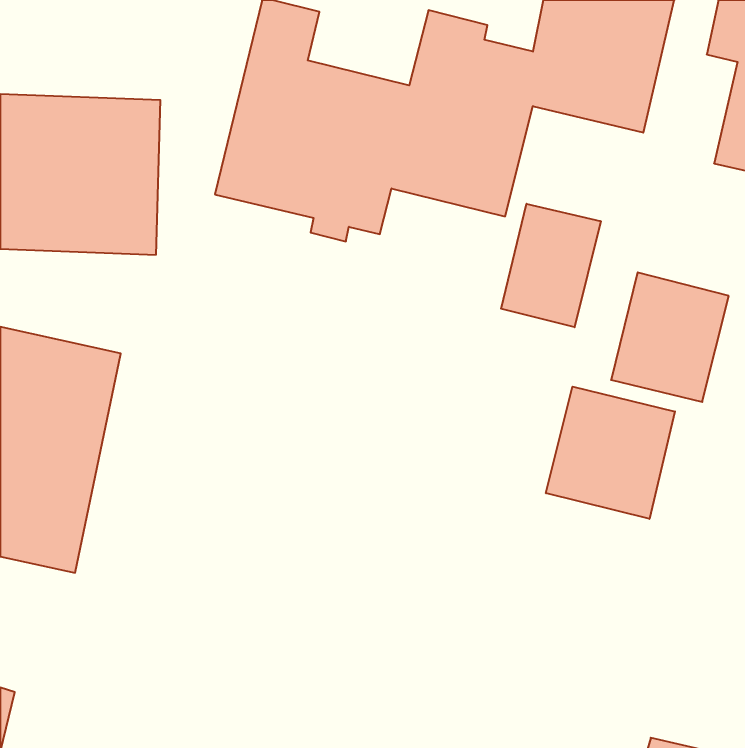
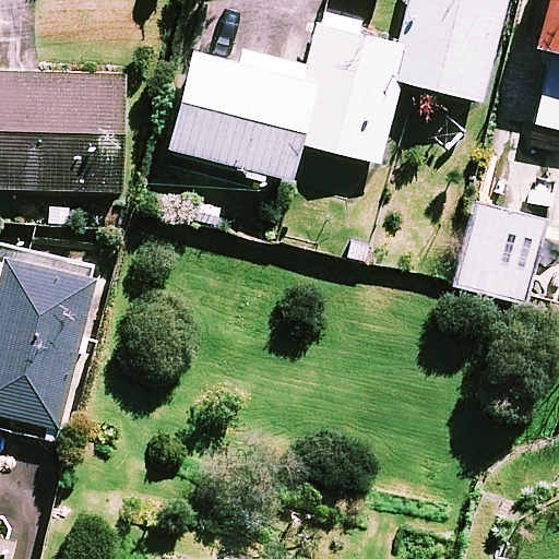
building: [501,204,601,327] -> none
building: [546,387,675,519] -> none

